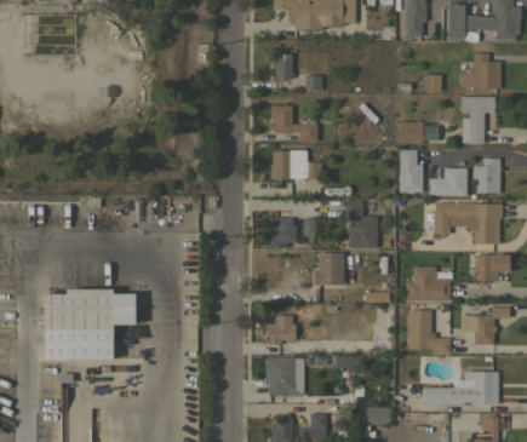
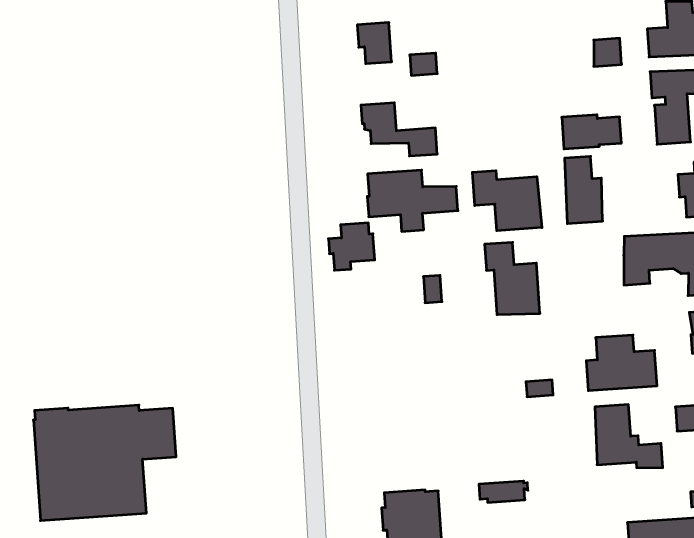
building: none -> [472,171,542,231]
building: [430,167,468,195] -> none
building: [268,218,297,247] -> [328,223,375,270]
building: [314,252,344,285] -> none
building: [267,316,296,345] -> none

